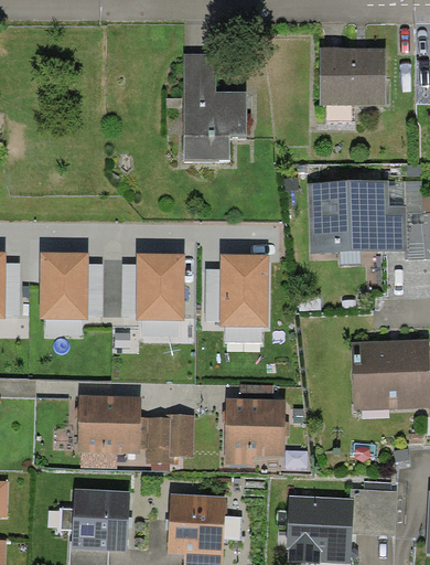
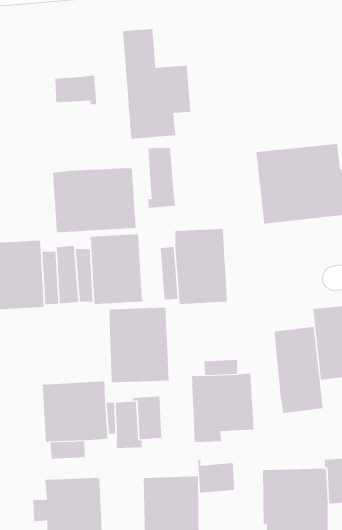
building: [319,47,385,106] -> none
building: none -> [55,75,97,105]
building: none -> [148,147,175,208]
building: none -> [53,167,136,233]
building: none -> [109,307,169,383]
building: none -> [274,326,323,414]
building: none -> [198,458,234,494]

